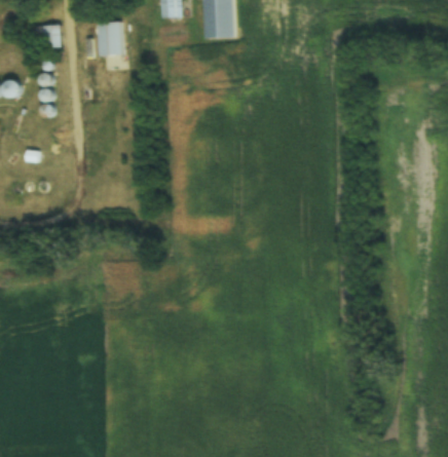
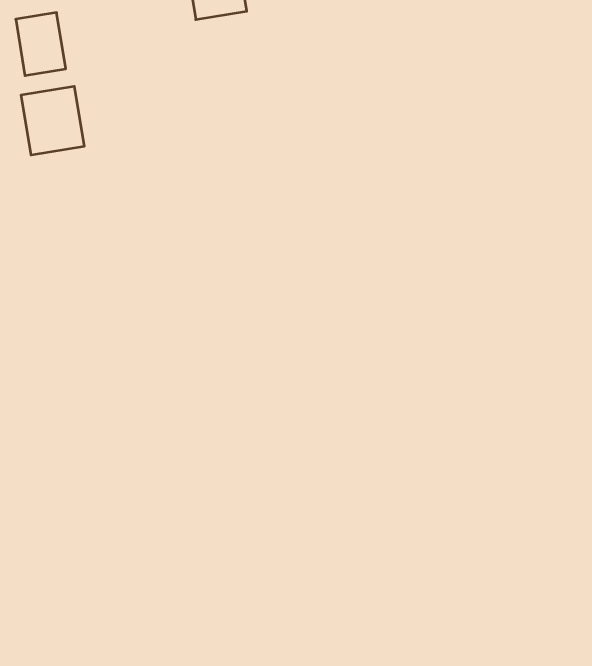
building: none -> [21,86,84,155]

